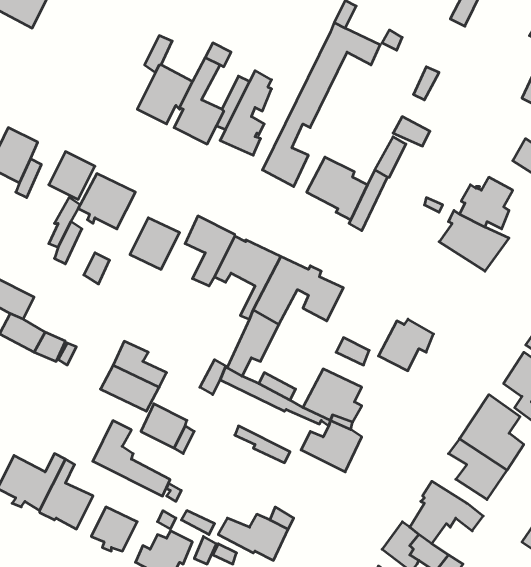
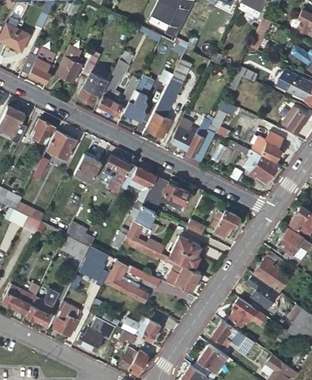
building: none -> [21,47,56,81]
building: none -> [57,56,82,82]
building: [93,421,170,496] -> [106,261,148,302]

